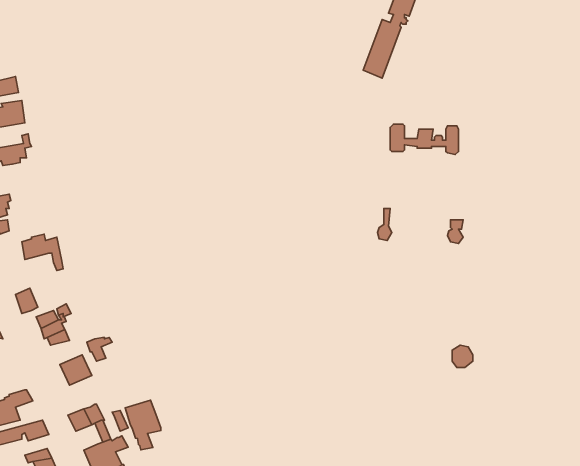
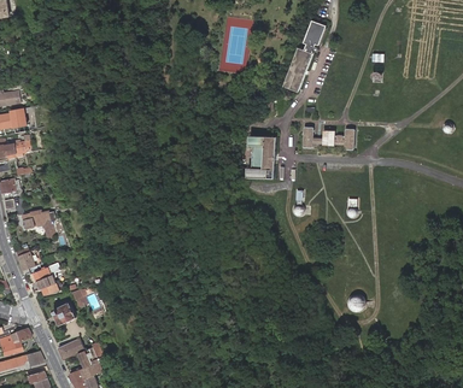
building: none -> [247,135,276,177]
building: [125,400,161,450] -> none

